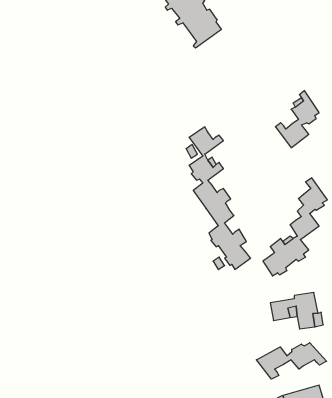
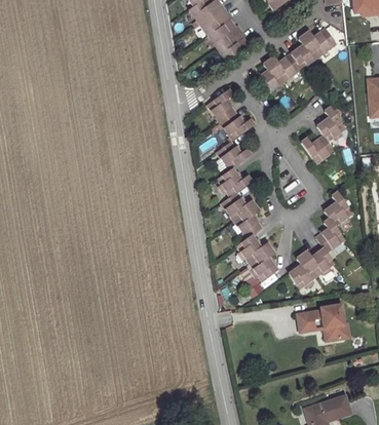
building: none -> [256,26,337,92]
building: none -> [207,87,255,140]
building: [256,343,327,379] -> none

